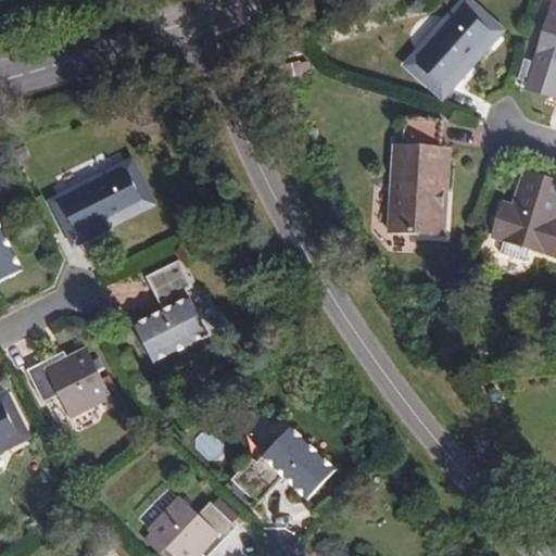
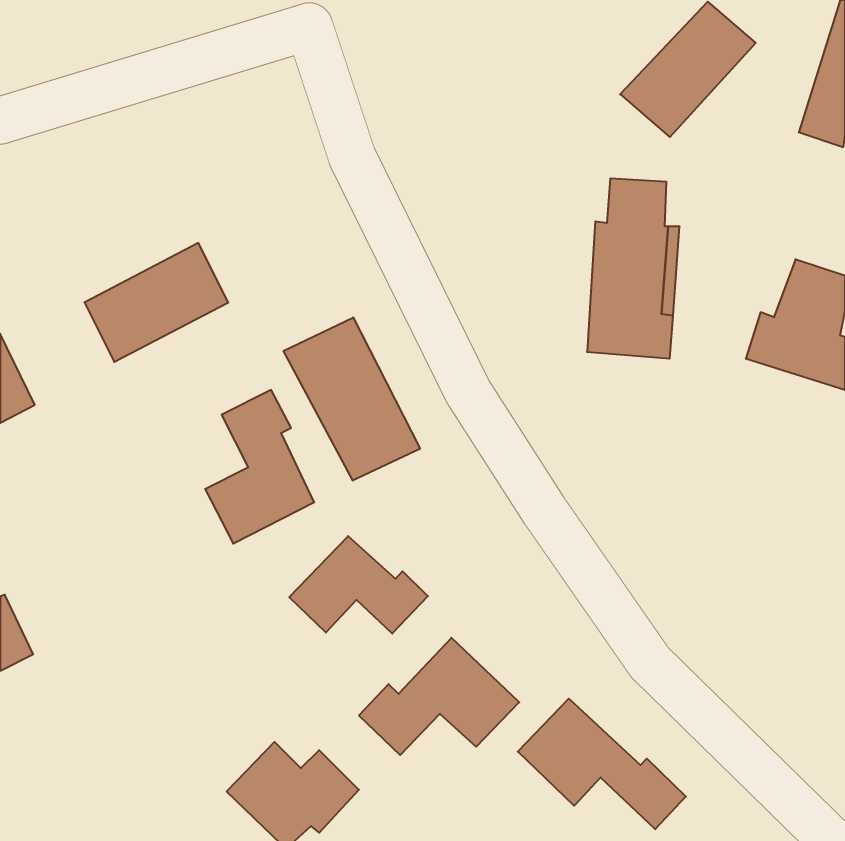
building: none -> [284,317,420,481]
building: [28,346,110,415] -> none
building: none -> [289,536,428,634]
building: none -> [518,699,686,829]

